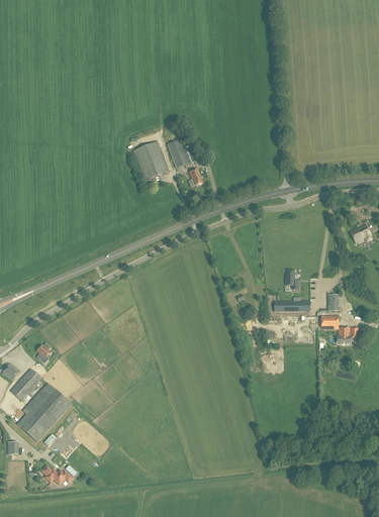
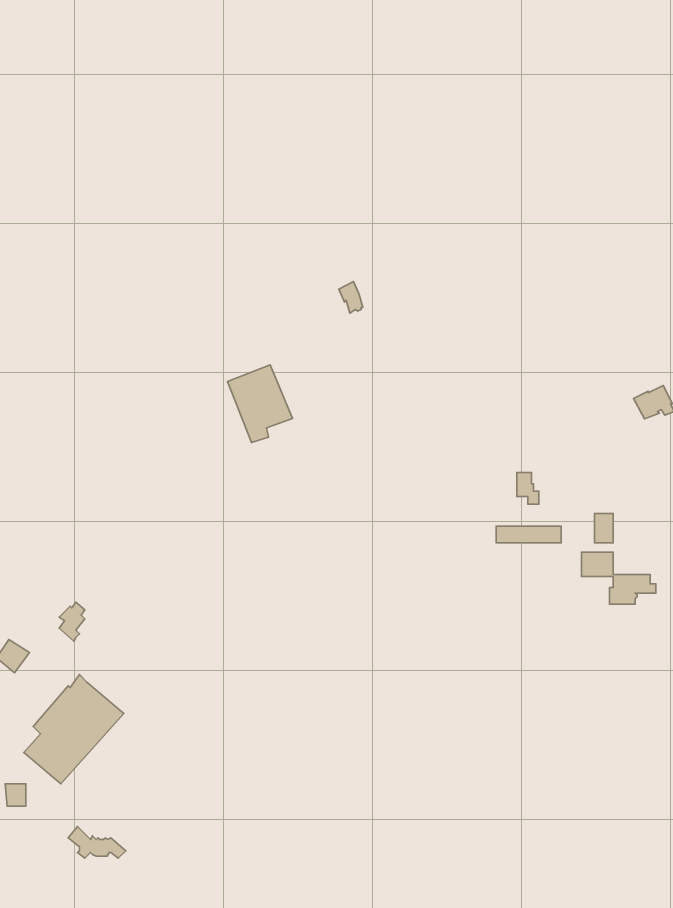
building: [166,139,193,168] -> none
building: [132,141,168,184] -> [228,365,292,443]
building: [9,368,40,400] -> none

